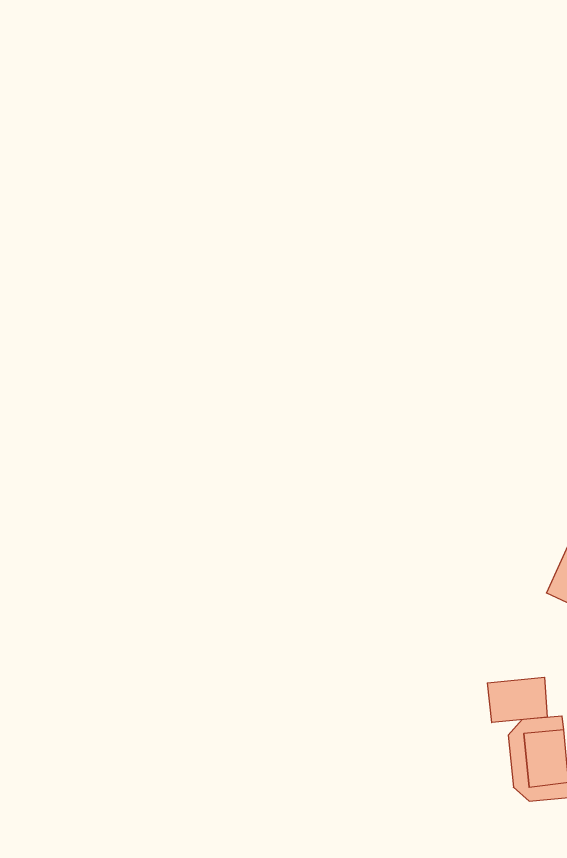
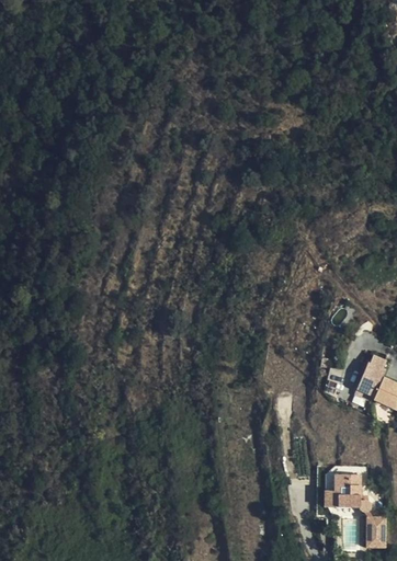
building: [487,677,547,723] -> none

